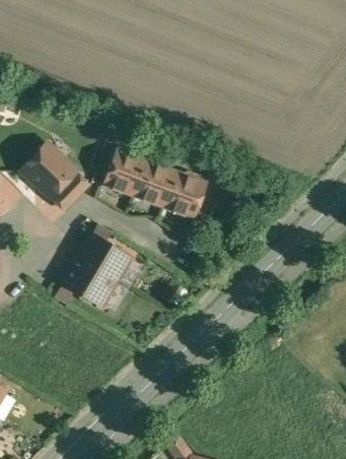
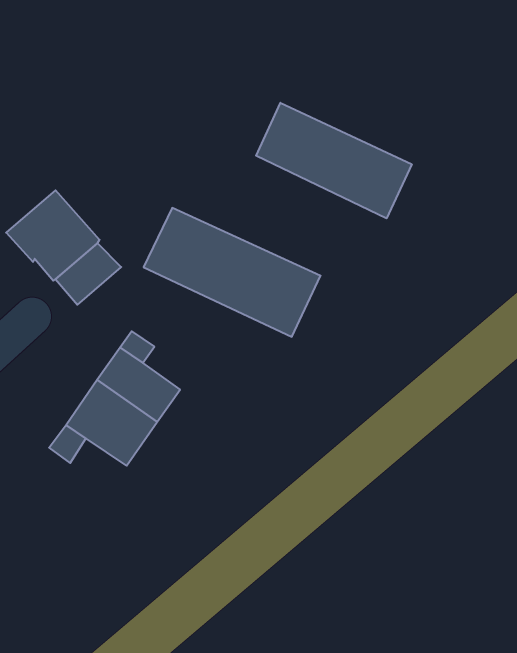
building: none -> [256,103,412,218]

